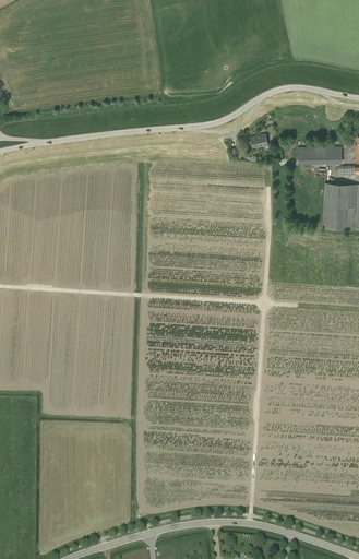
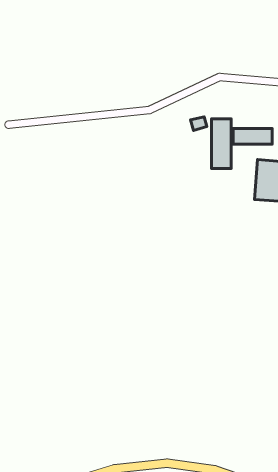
building: none -> [212,119,231,168]

